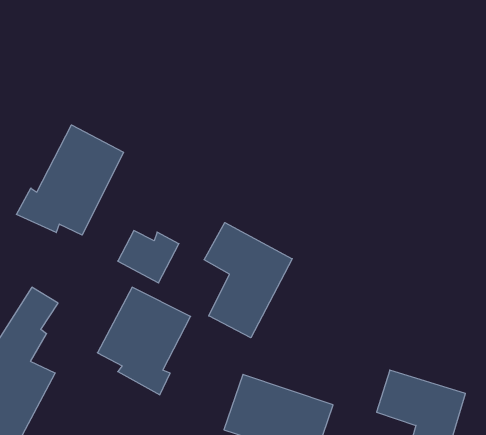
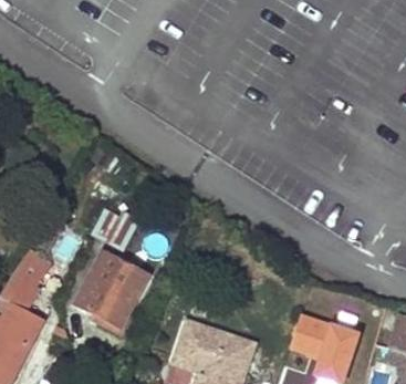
building: [16,125,124,235] -> none
building: [204,223,292,338] -> none

